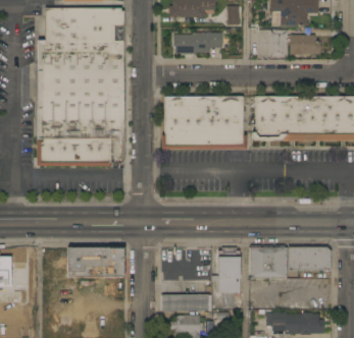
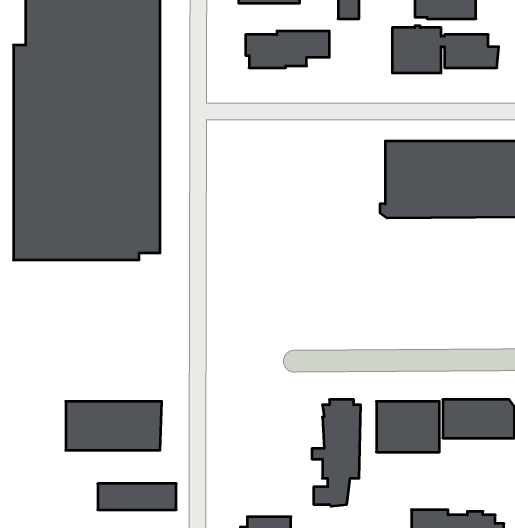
building: [162,97,247,150] -> none
building: [162,295,208,311] -> [98,484,176,510]

